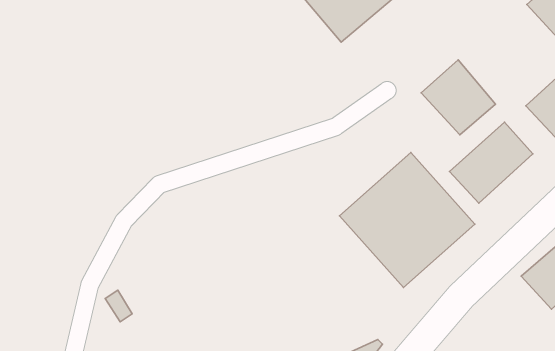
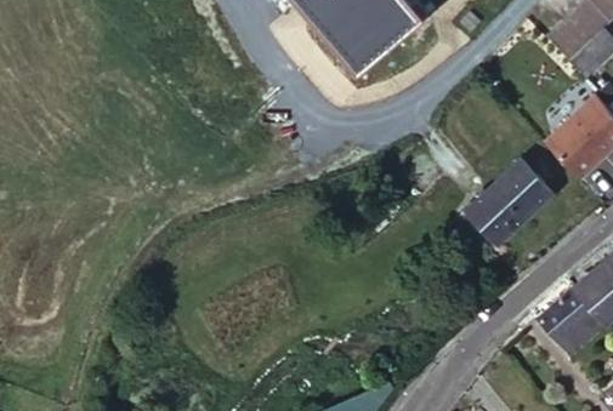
building: [421,60,495,135] -> none
building: [339,152,475,287] -> none

